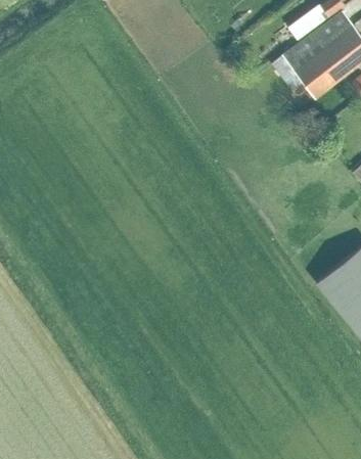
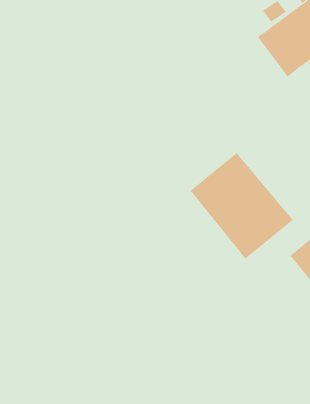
building: none -> [190,152,293,259]

